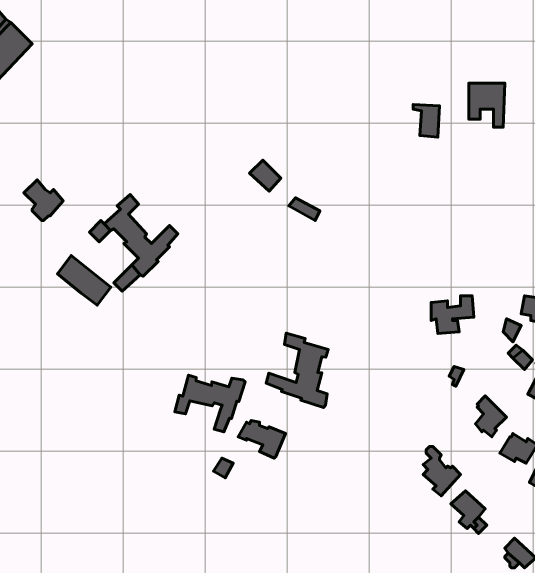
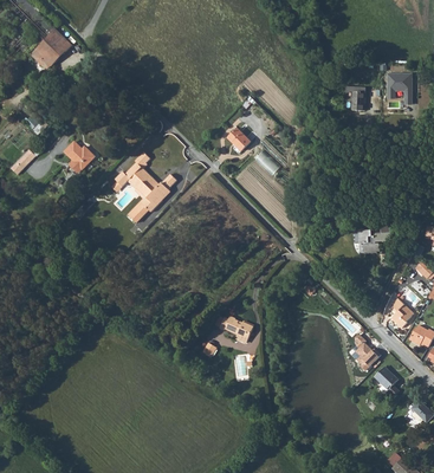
building: [58,256,111,305] -> none
building: [266,333,328,408] -> none
building: [175,375,245,432] -> none

